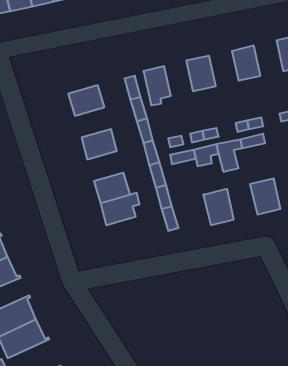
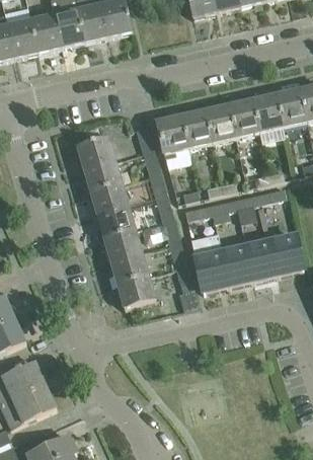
building: none -> [273,88,305,126]
building: none -> [226,99,257,137]
building: none -> [178,109,209,147]
building: none -> [83,159,122,191]
building: none -> [96,206,135,238]
building: none -> [192,234,228,290]
building: none -> [245,241,278,279]
building: none -> [116,276,155,308]

